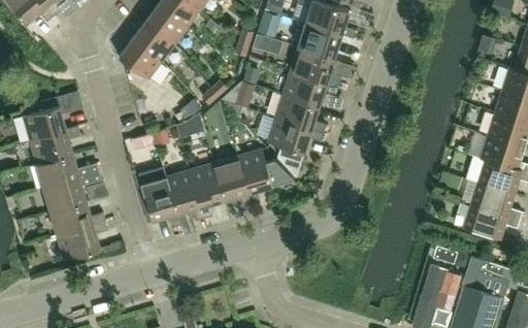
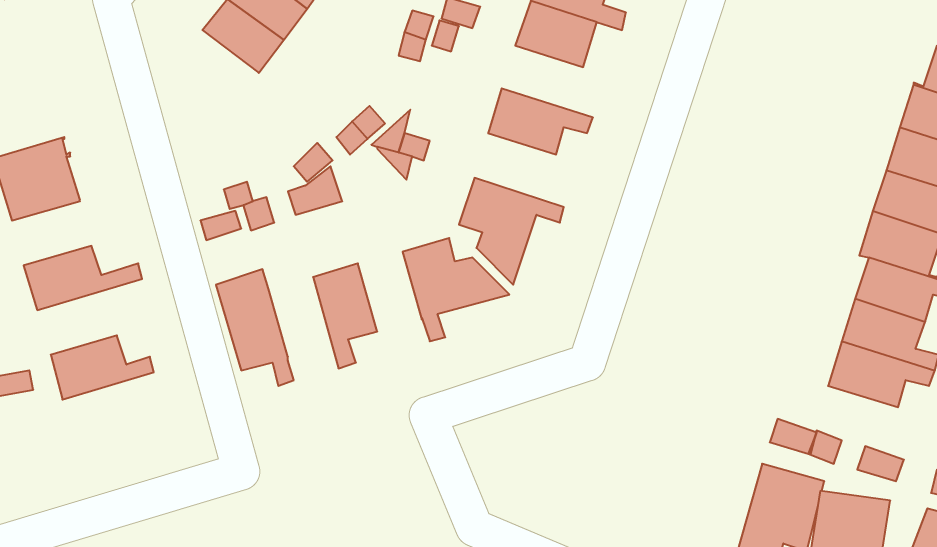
building: [119,39,161,79] -> none
building: [290,47,340,86] -> none
building: [275,94,326,133] -> none
building: [30,126,80,164] -> none
building: [213,157,252,207] -> none
building: [166,170,203,221] -> none
building: [43,171,102,211] -> none
building: [57,221,108,260] -> none

